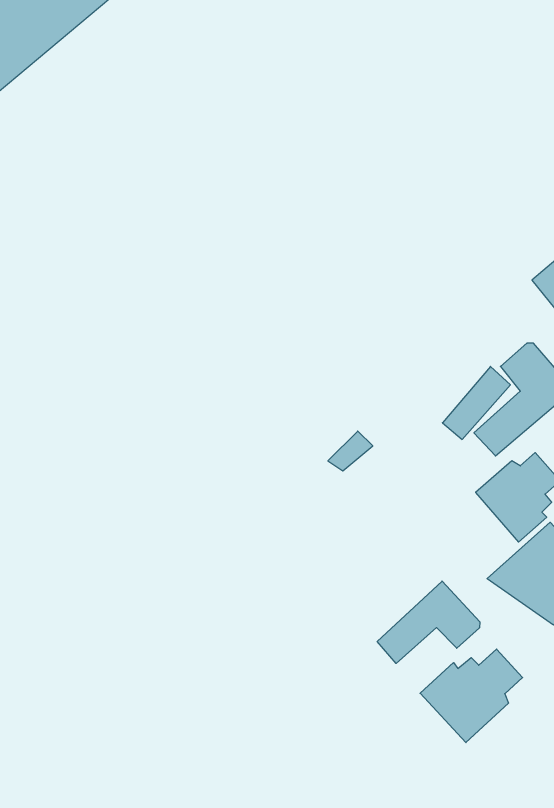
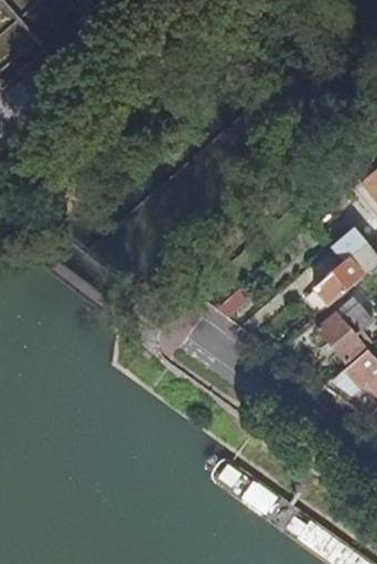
building: [377,581,480,663] -> none
building: [420,649,523,743] -> none

